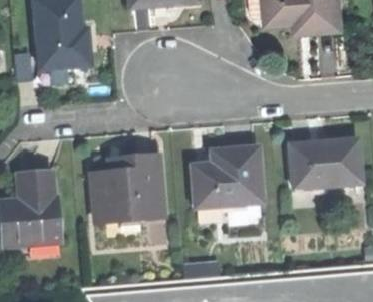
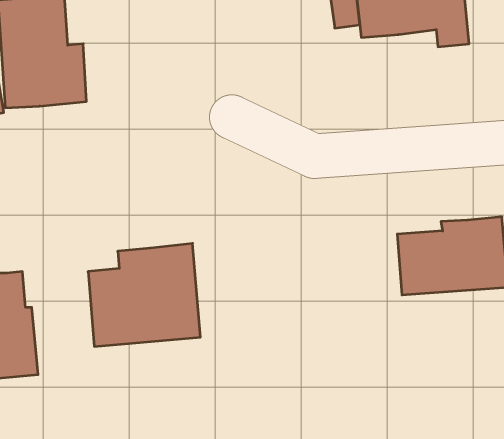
building: [192,148,263,209] -> none

